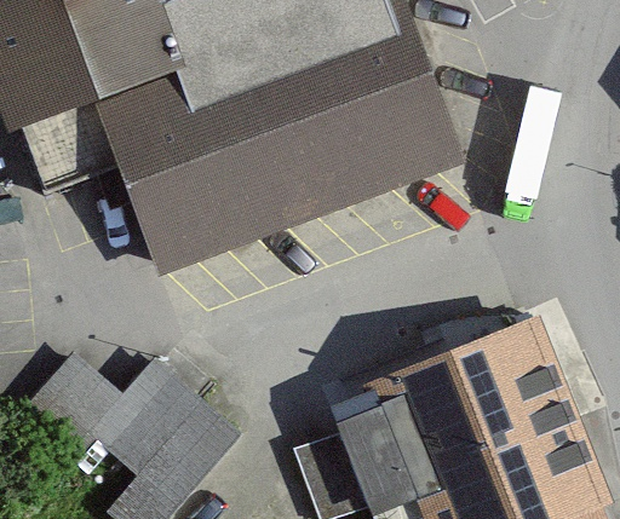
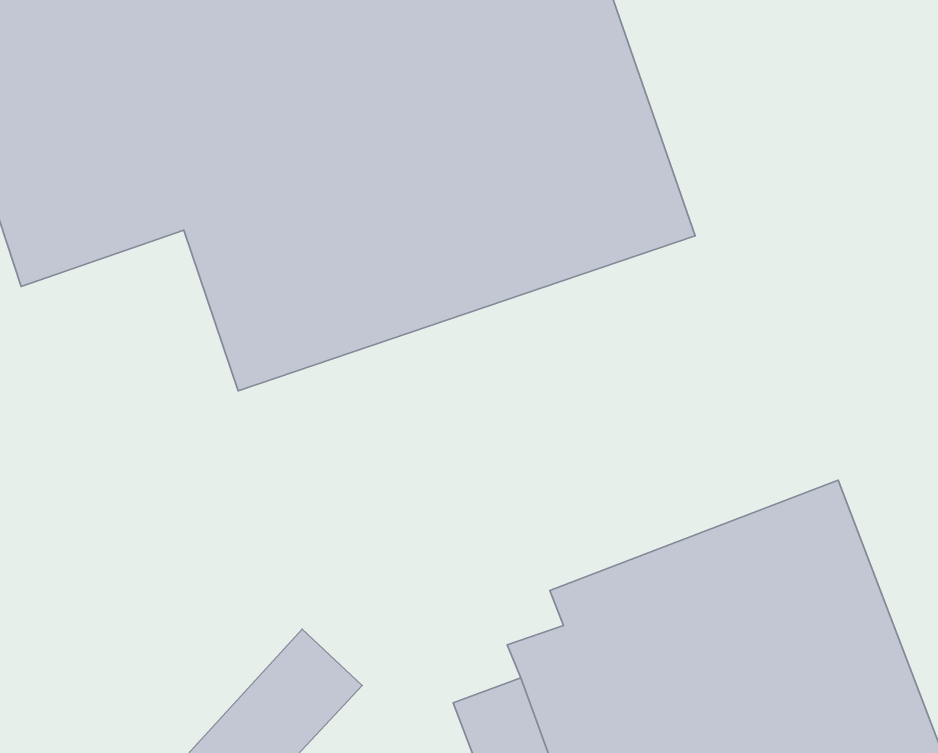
building: [24,358,203,477] -> none

